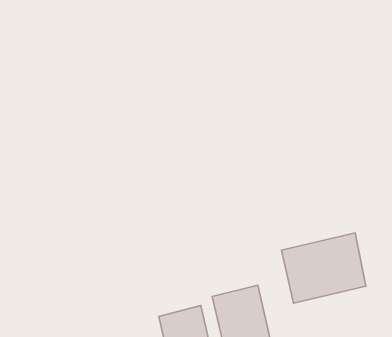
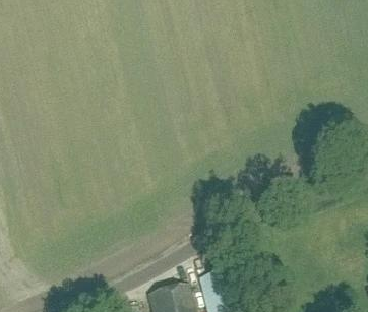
building: [281,233,366,303] -> none

